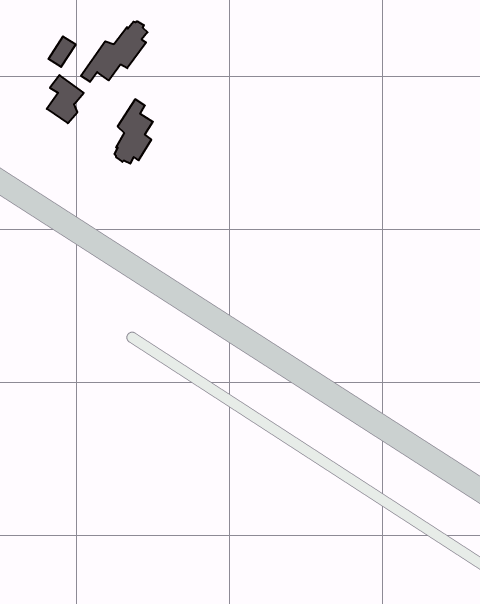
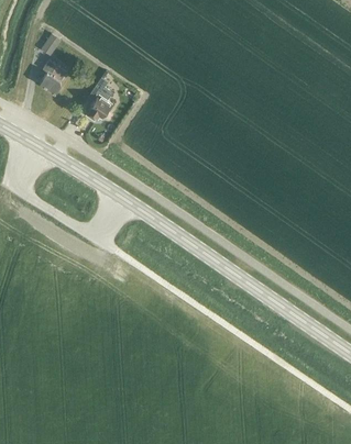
building: [81,21,148,82] -> none

